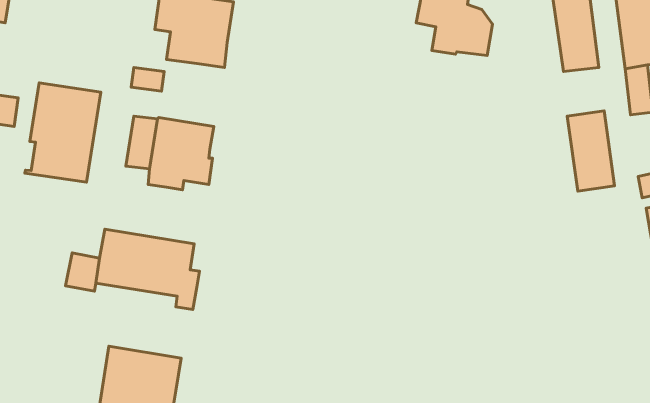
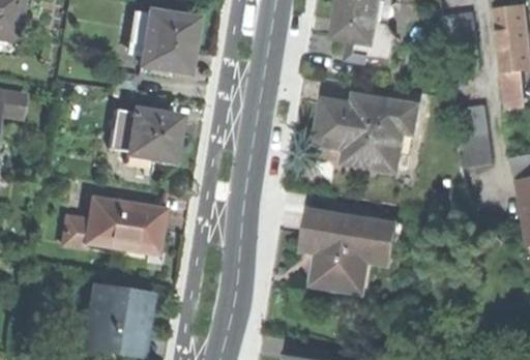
building: [25,83,101,182] -> none
building: none -> [320,98,415,167]
building: none -> [303,208,399,290]

